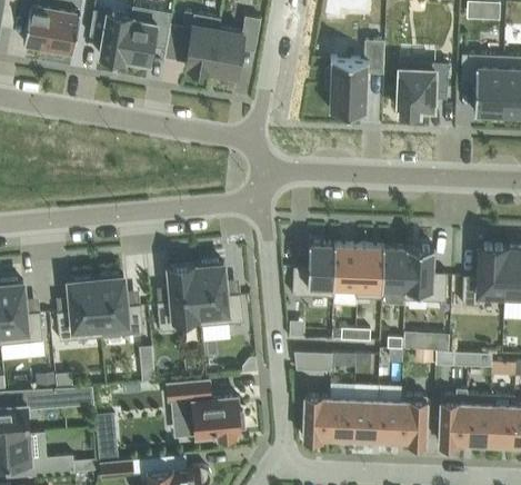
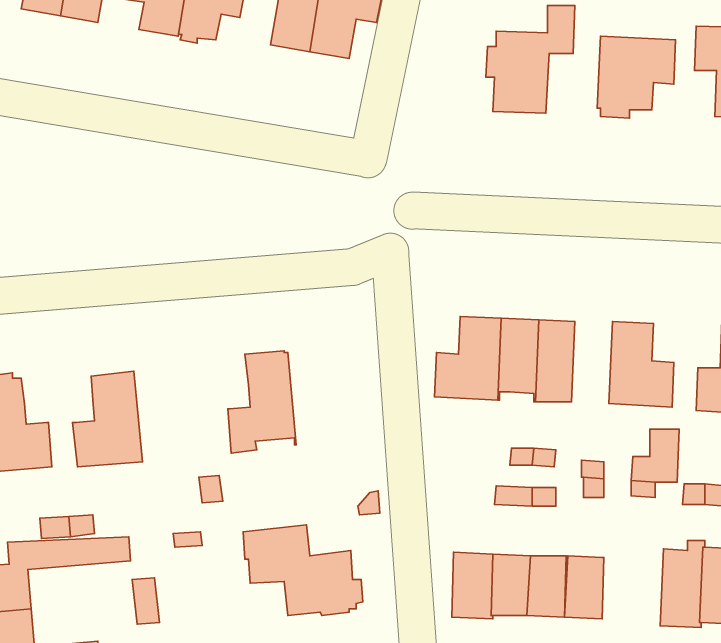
building: [381,248,408,301] -> none
building: [197,264,244,328] -> none
building: [97,276,143,339] -> none
building: [294,354,332,373] -> none
building: [400,397,428,445] -> none

